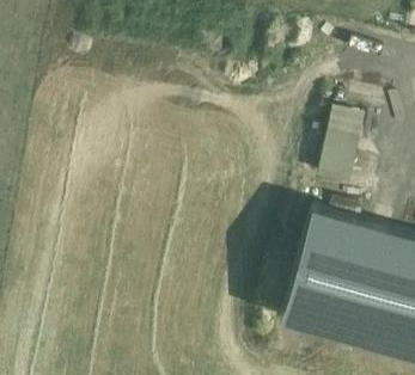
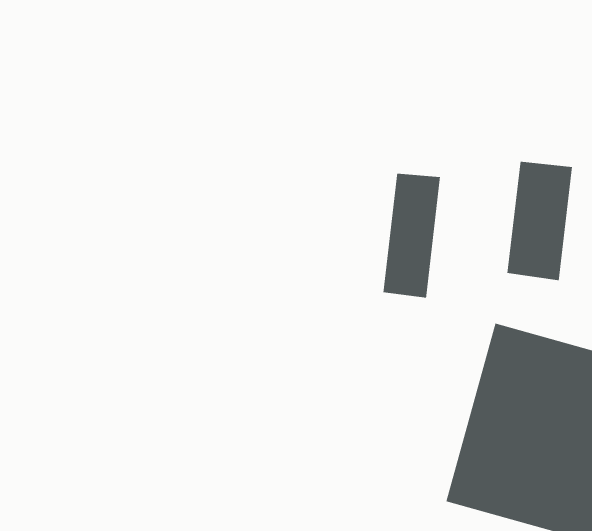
building: none -> [383,173,441,298]

